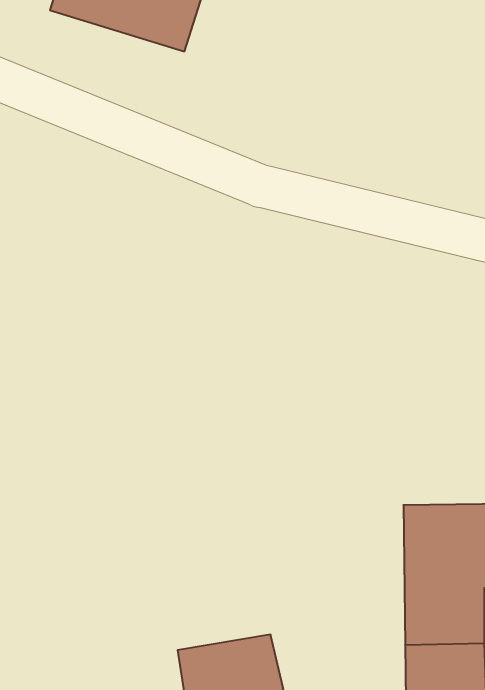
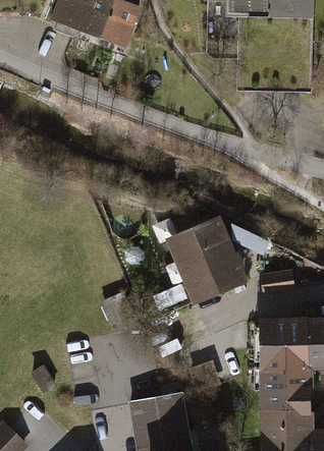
building: none -> [169,220,257,306]

